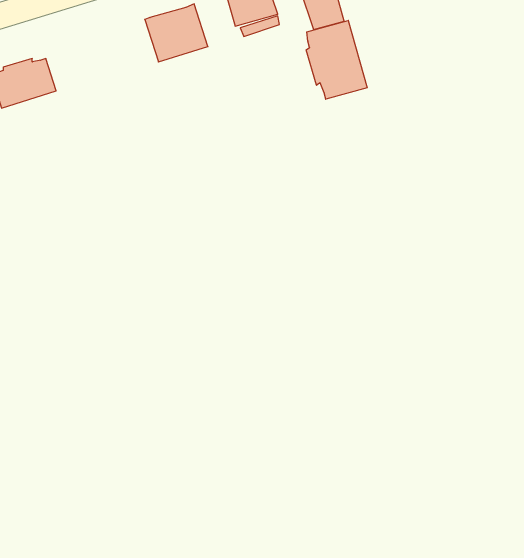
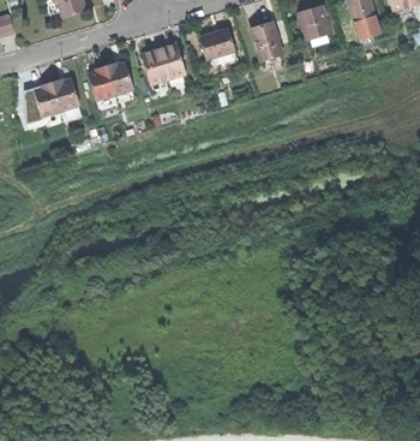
building: [306,20,367,99] -> none
building: none -> [89,64,133,100]

